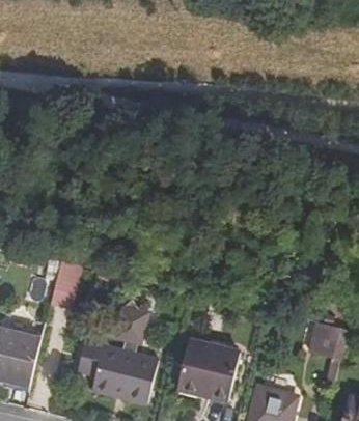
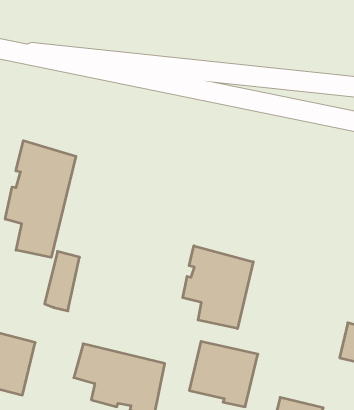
building: none -> [5,141,76,257]
building: none -> [183,246,253,329]

